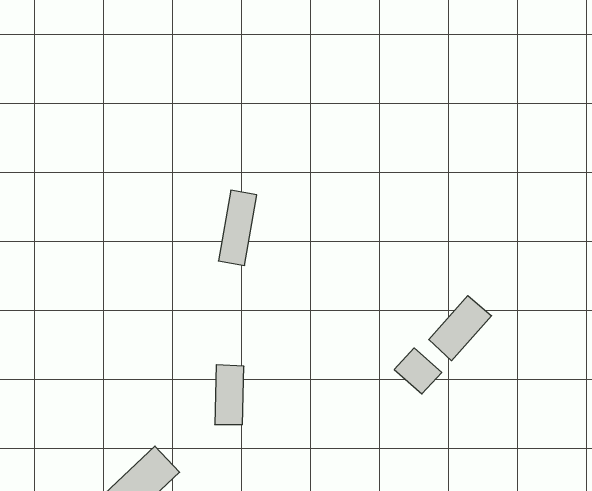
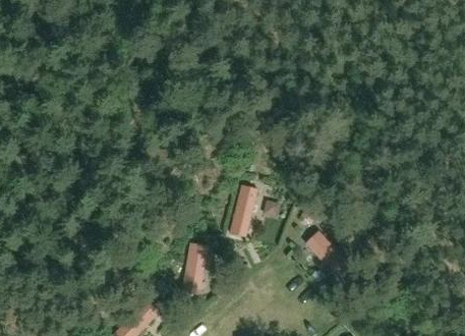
building: [218,190,257,265] -> [232,185,257,235]
building: [429,296,492,361] -> none

